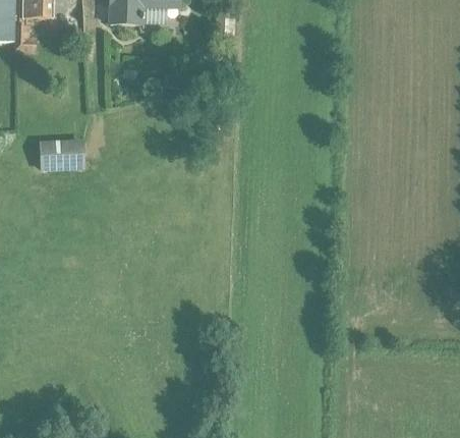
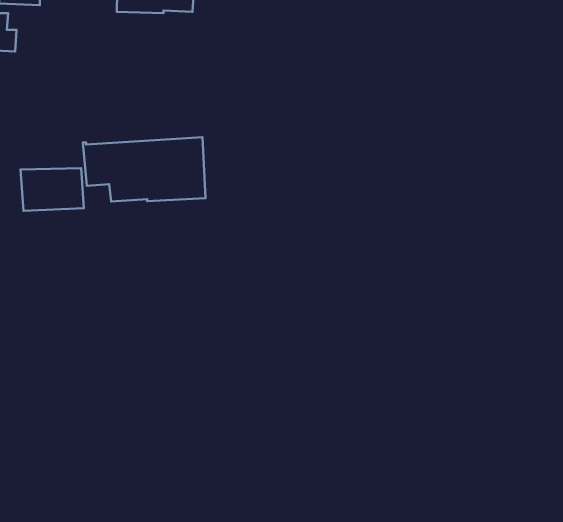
building: none -> [83,137,205,201]

